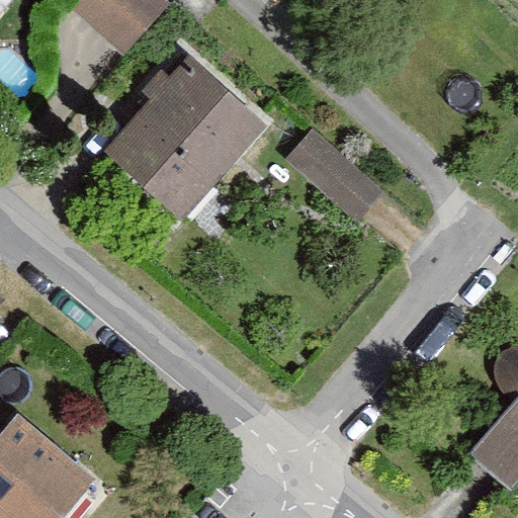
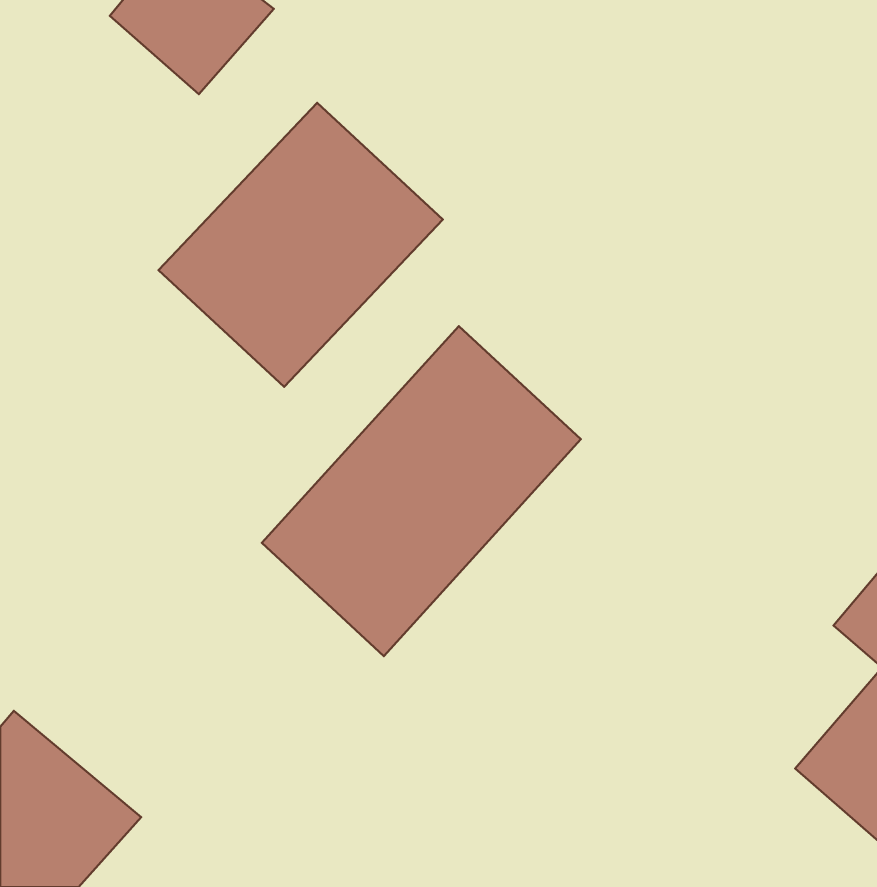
building: [288,132,382,222] -> none
building: none -> [262,326,581,656]

